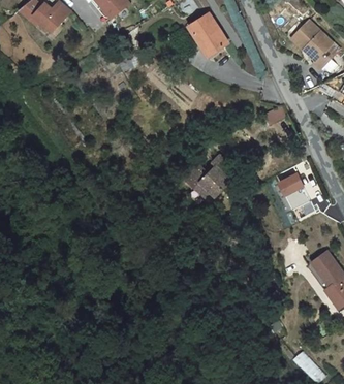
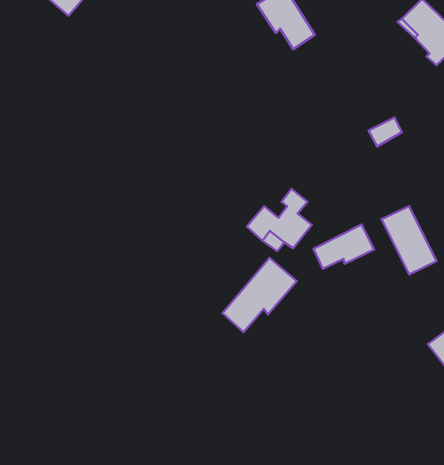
building: none -> [313,225,374,269]
building: none -> [222,258,297,332]

